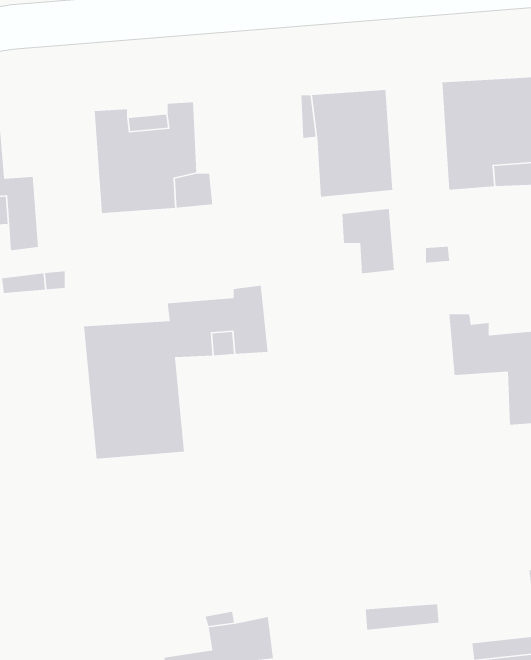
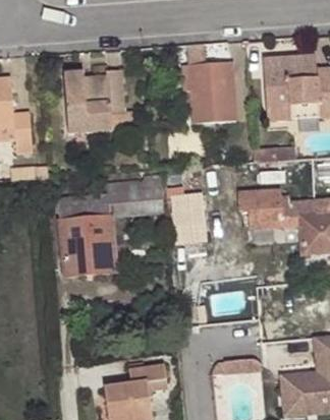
building: [342,208,395,274] -> [239,190,270,228]
building: none -> [174,207,206,242]

